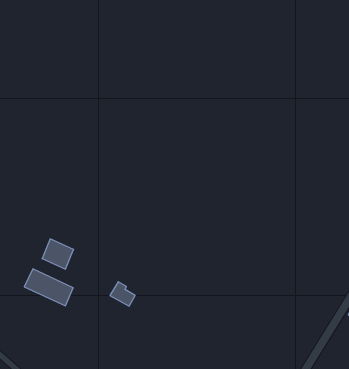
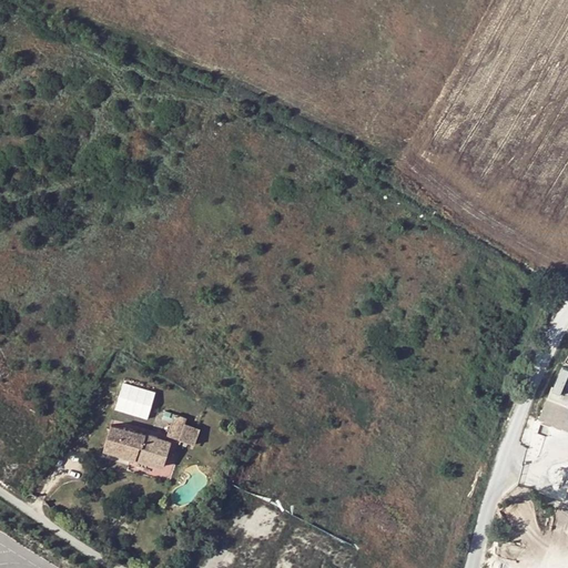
building: [110,282,135,306] -> [168,416,201,446]

